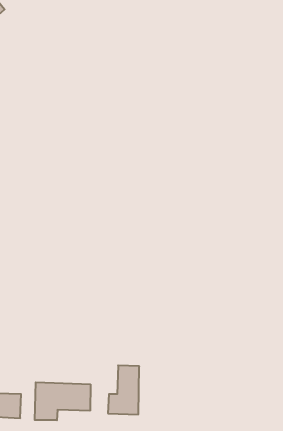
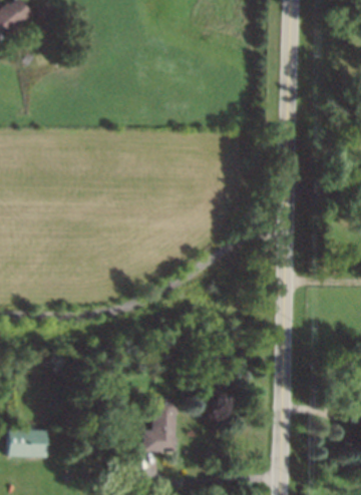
building: [35,382,90,420] -> none

